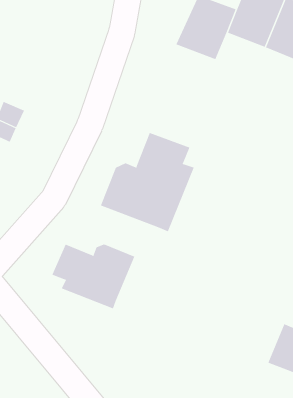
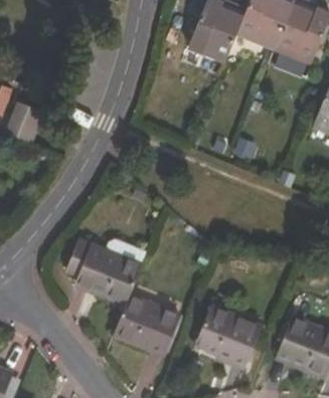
building: [100,132,195,232] -> none
building: none -> [114,294,180,354]
building: none -> [197,307,262,364]

